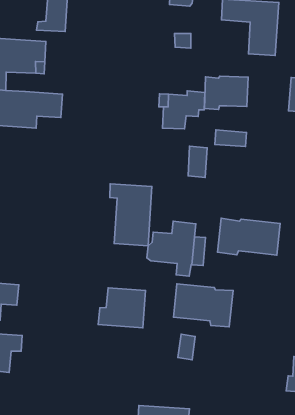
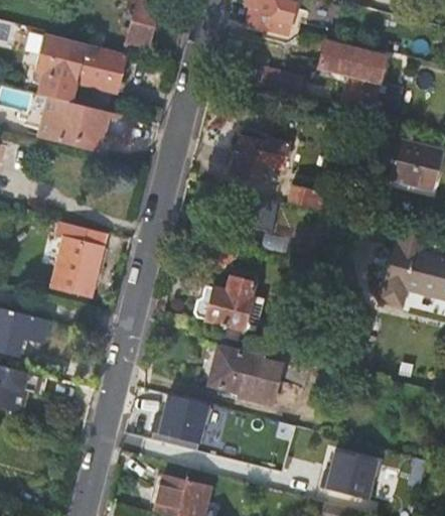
building: [204,76,248,109] -> none
building: [110,184,152,246] -> [53,222,106,297]
building: [218,218,280,255] -> none
building: [98,288,145,328] -> [152,396,210,446]

